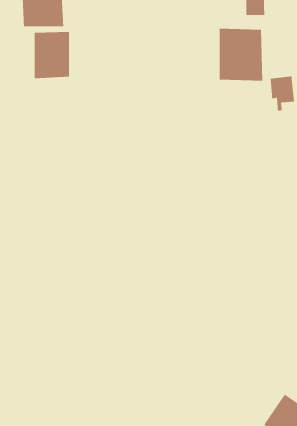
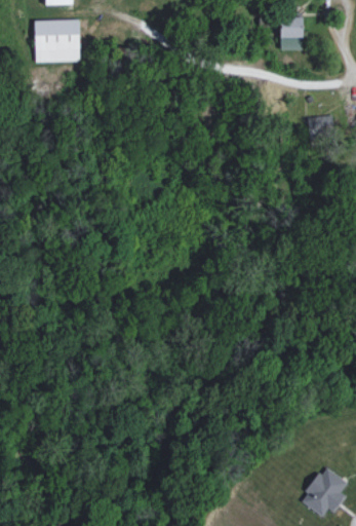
building: [219,28,263,82] -> none
building: [34,31,70,79] -> none

